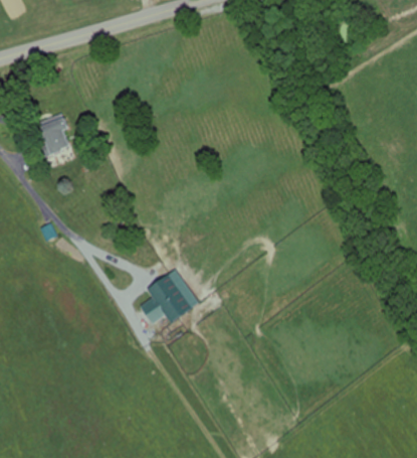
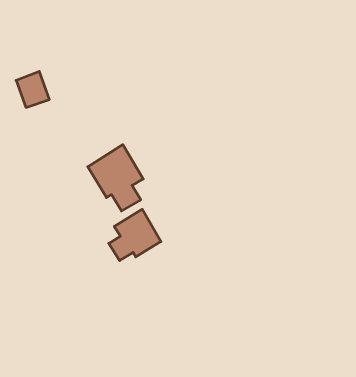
building: none -> [88,145,143,211]

